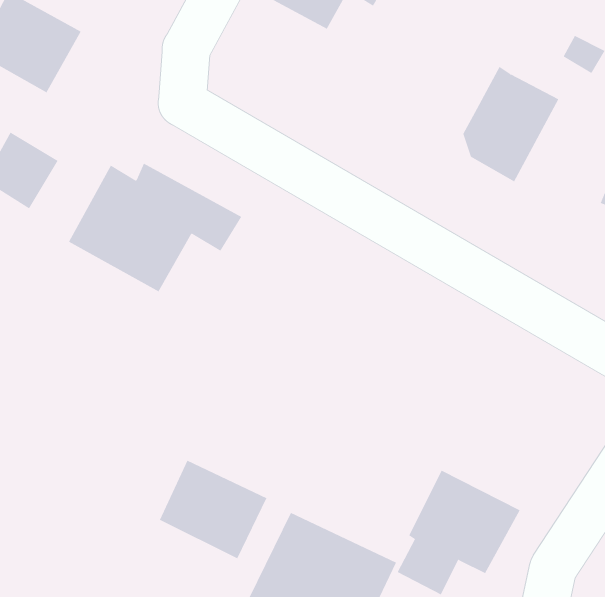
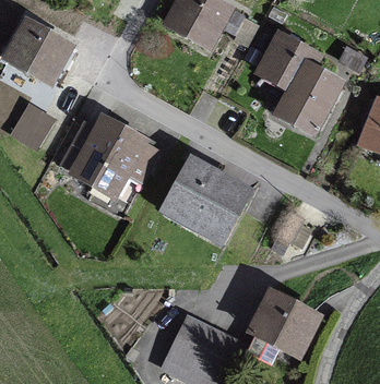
building: none -> [258,36,316,89]
building: none -> [162,160,247,241]
building: [159,460,267,559] -> none

